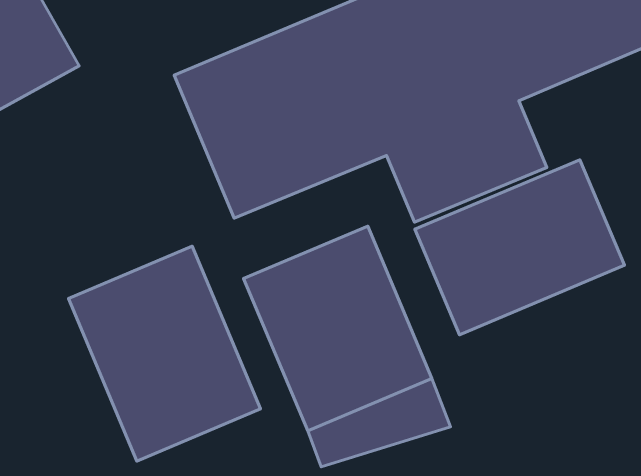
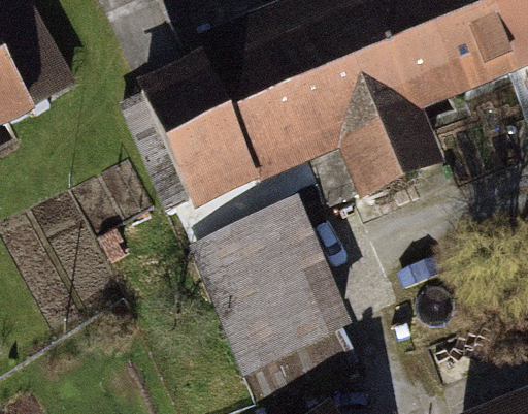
building: [415,160,625,335] -> none
building: [69,246,261,461] -> none

